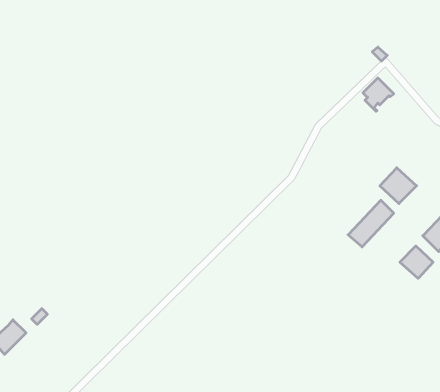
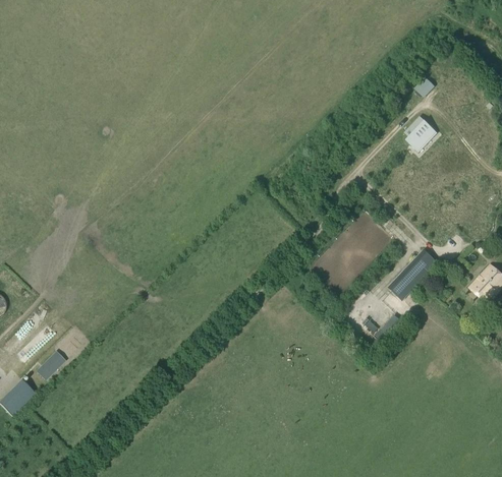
building: [380,168,417,204] -> none
building: [400,246,433,278] -> none

